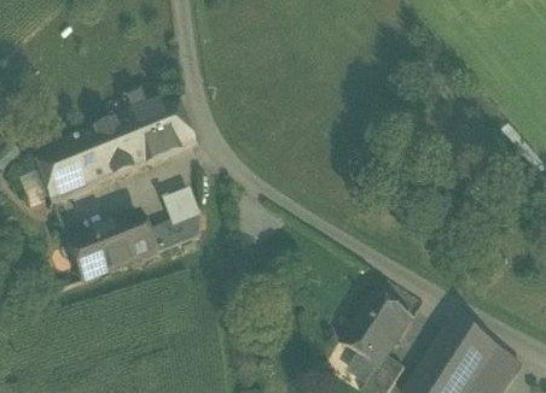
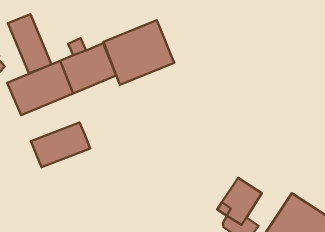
building: none -> [8,14,51,73]
building: none -> [104,20,174,85]
building: [145,188,199,250] -> none

